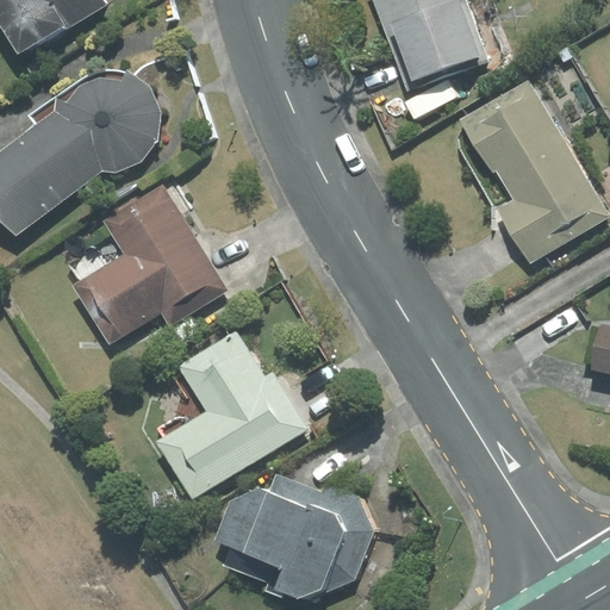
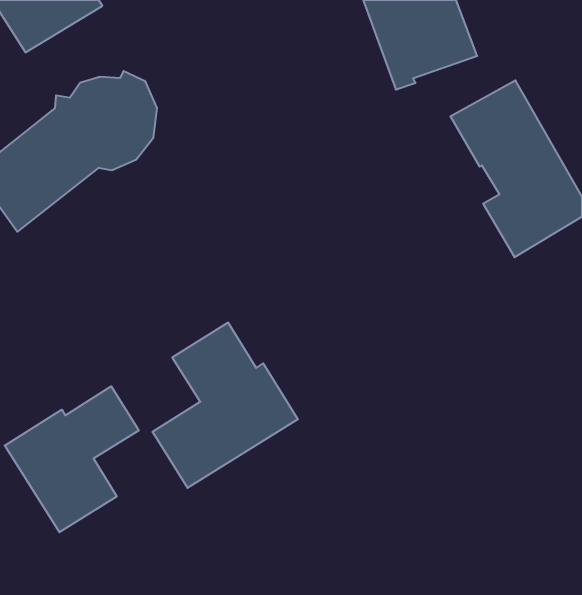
building: [73,186,225,343] -> none
building: none -> [5,386,139,532]
building: [216,474,373,596] -> none

